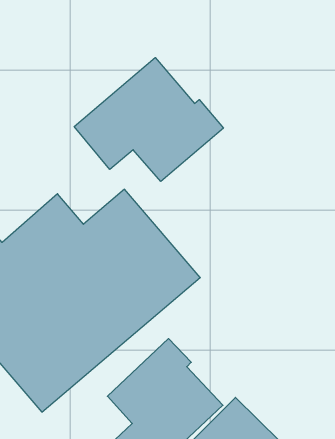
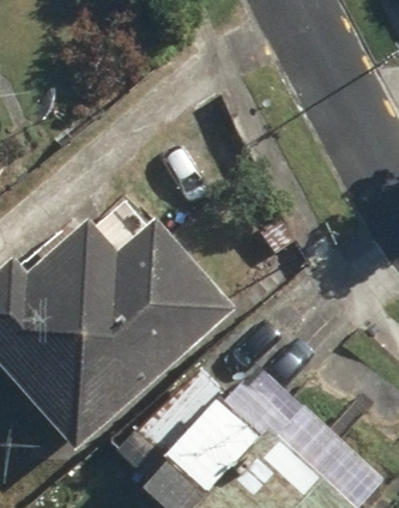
building: [74,58,223,181] -> none

